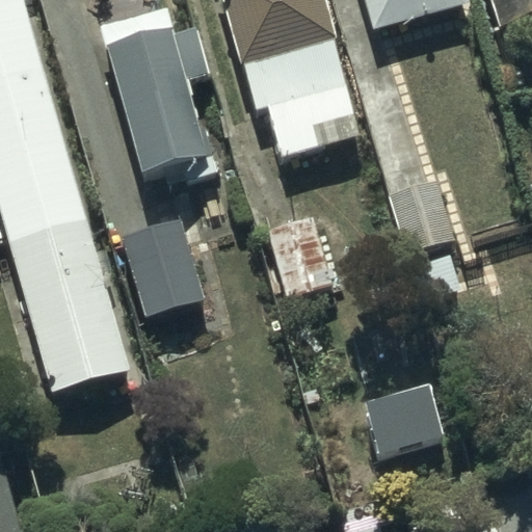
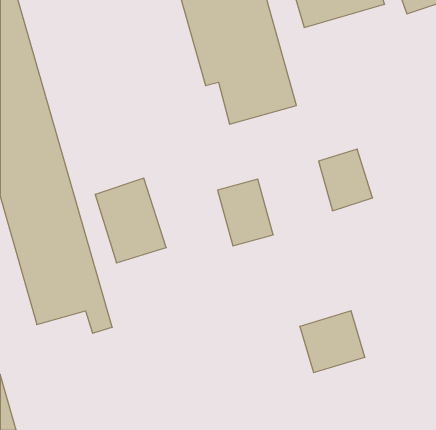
building: [95,8,219,186] -> none

